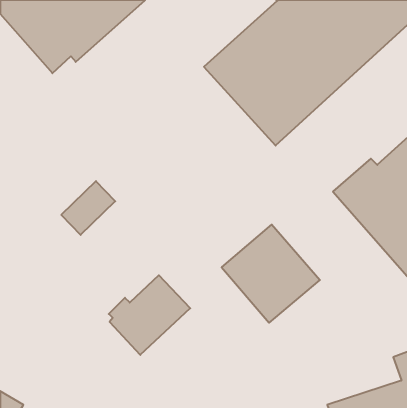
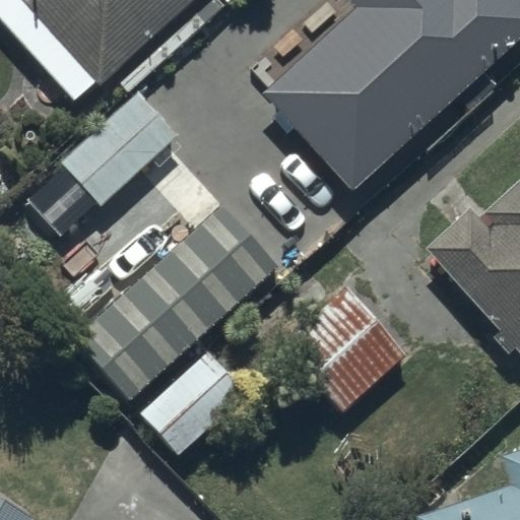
building: none -> [21,89,181,239]
building: none -> [73,198,283,399]

